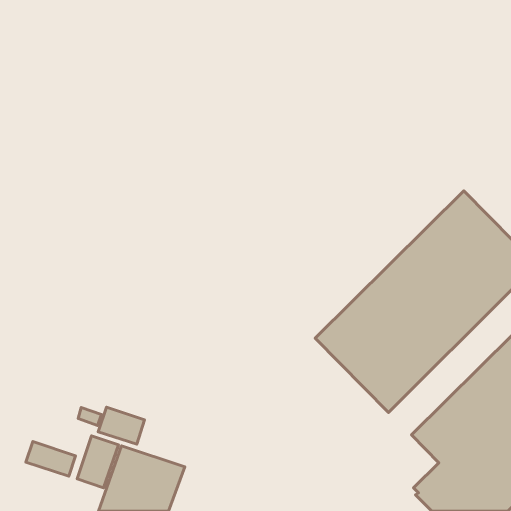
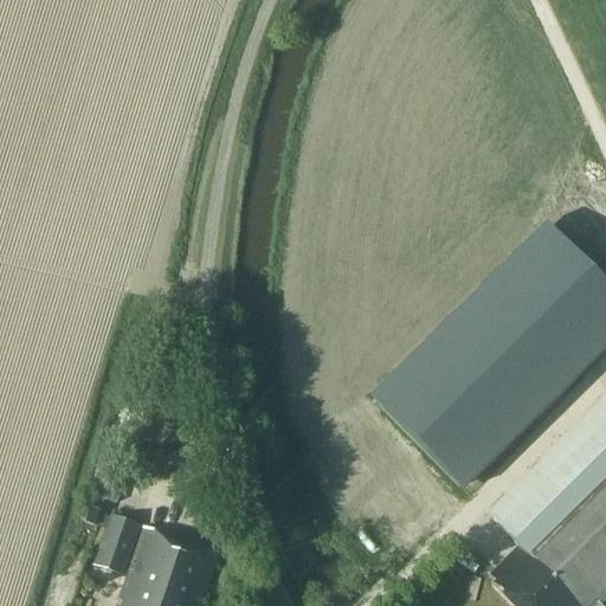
building: [98,407,144,444] -> none
building: [26,441,75,476] -> none

